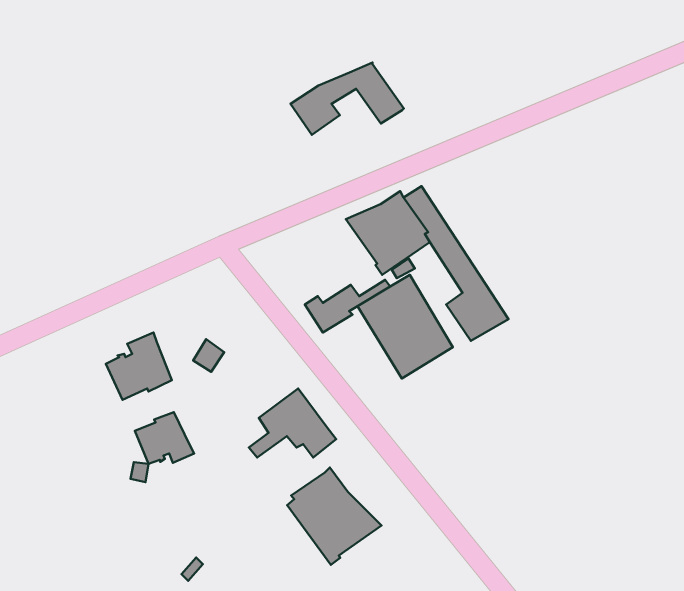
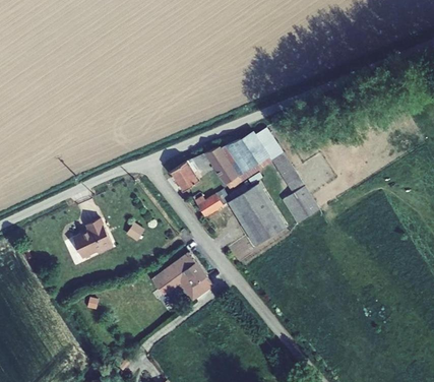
building: [290,63,404,135] -> [169,146,239,191]
building: [135,412,194,464] -> none
building: [287,467,381,565] -> none

